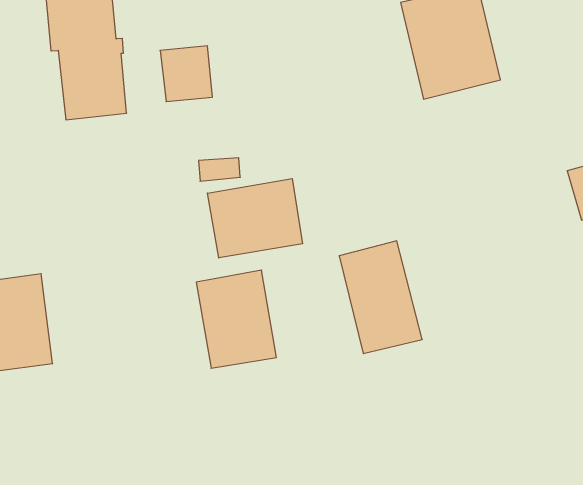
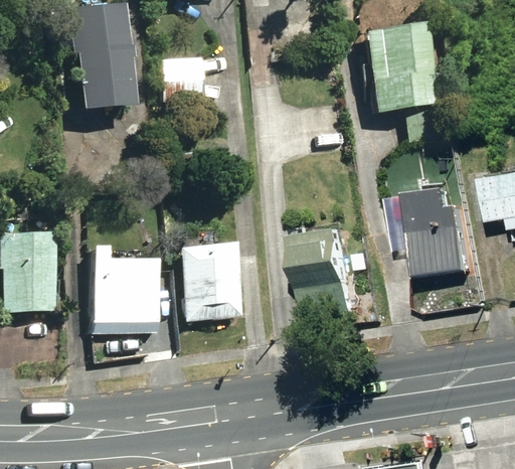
building: [207,179,302,258] -> none
building: none -> [394,186,479,276]
building: none -> [94,246,159,331]

